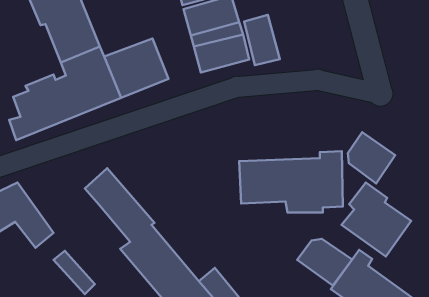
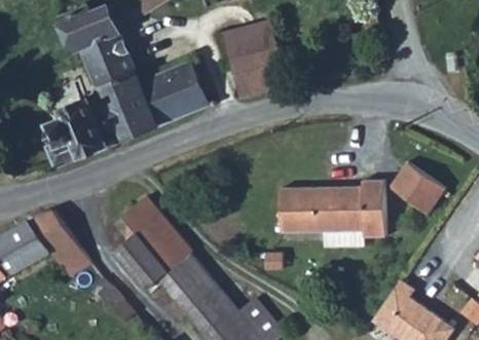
building: [244,15,280,65] -> none
building: [341,182,411,256] -> none
building: none -> [114,232,168,288]
building: [297,239,352,285] -> none

